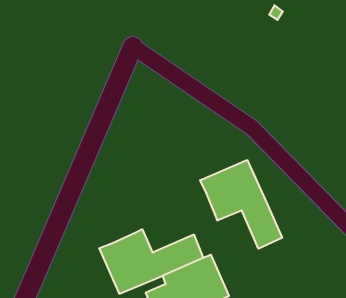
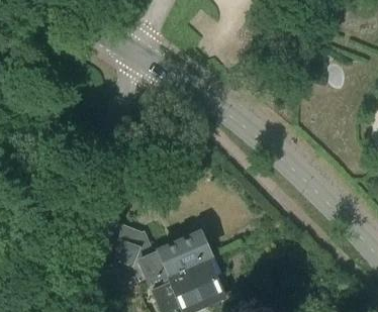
building: [200,160,282,249] -> none

